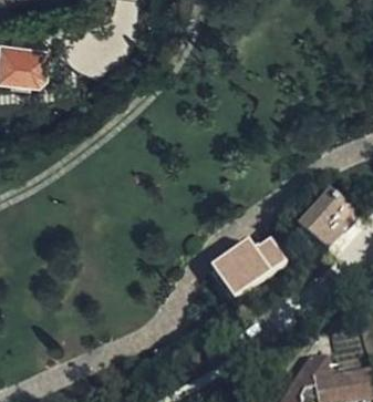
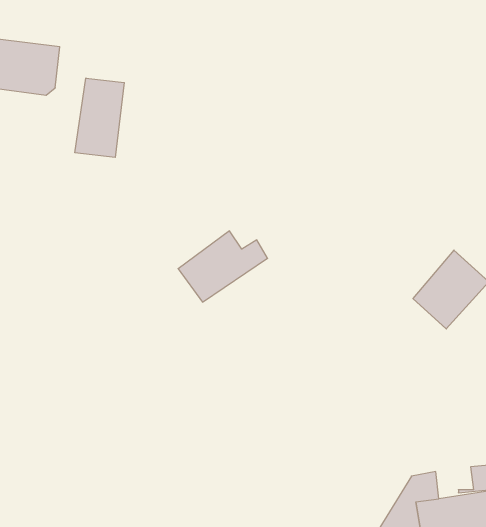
building: none -> [75,78,124,157]
building: [220,247,286,299] -> [178,231,268,302]

